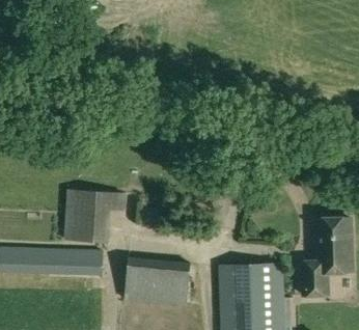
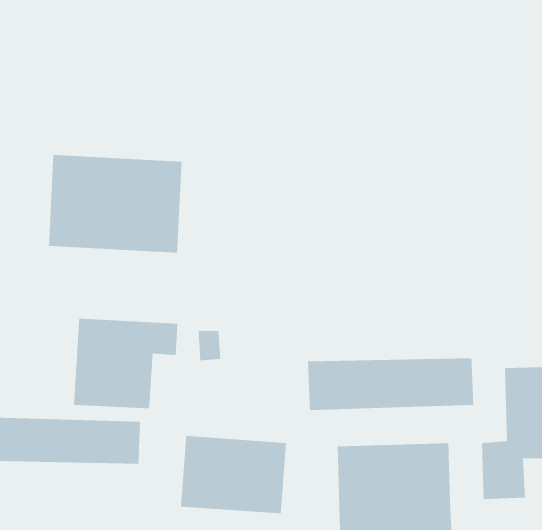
building: none -> [48,154,182,254]
building: none -> [307,358,474,411]

